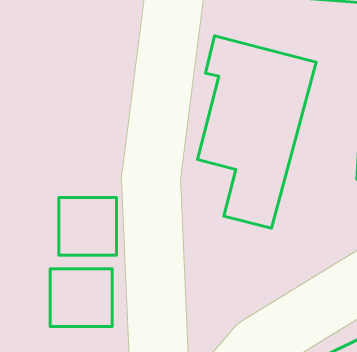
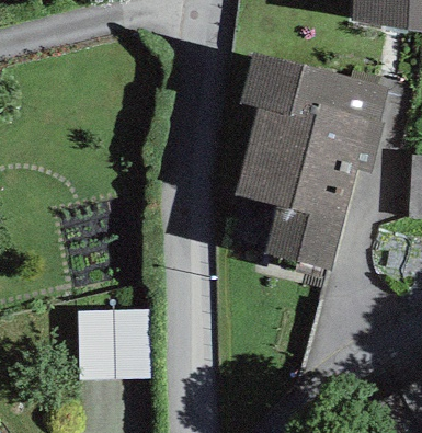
building: [59,197,117,255] -> none

